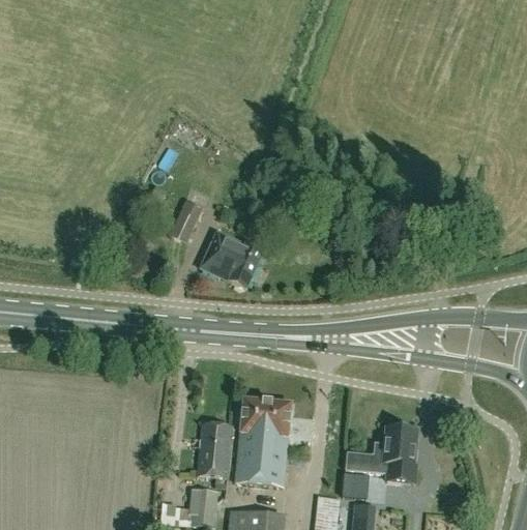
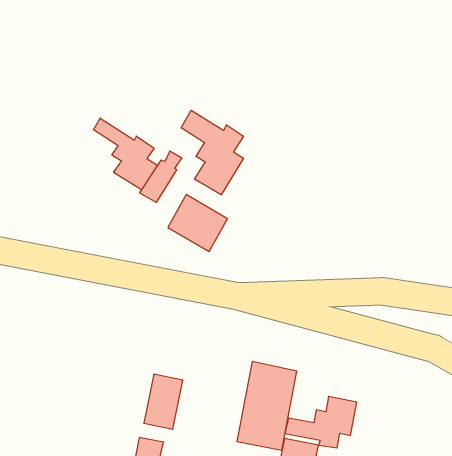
building: none -> [181,110,243,195]
building: none -> [93,118,157,190]
building: [236,396,291,485] -> [237,362,297,450]

